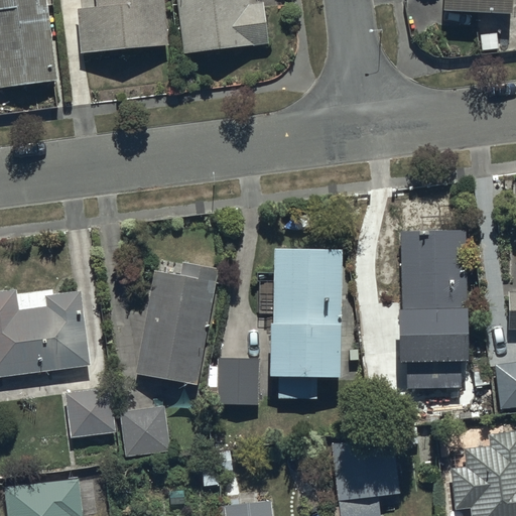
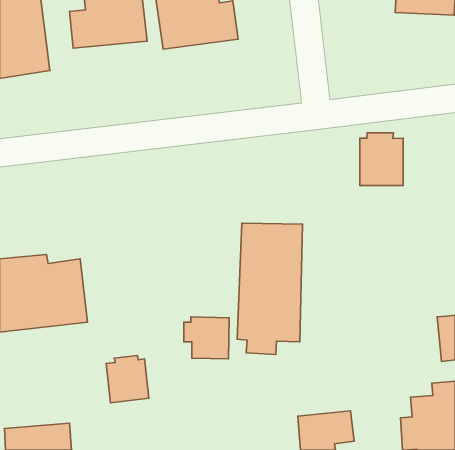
building: none -> [360,133,403,186]
building: [398,229,469,390] -> none
building: [135,263,218,384] -> none
building: [66,387,115,435] -> none

